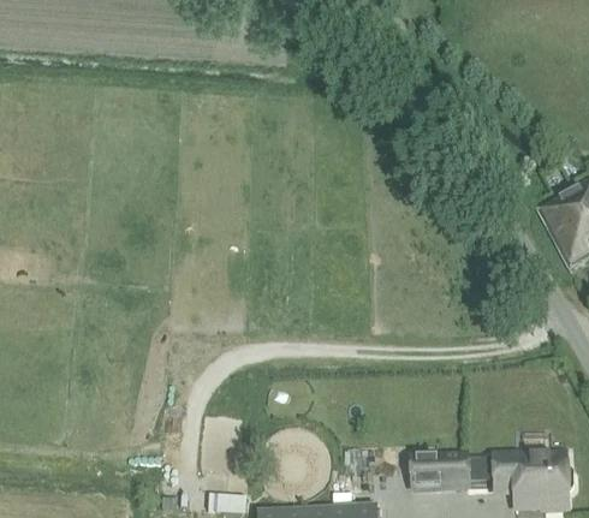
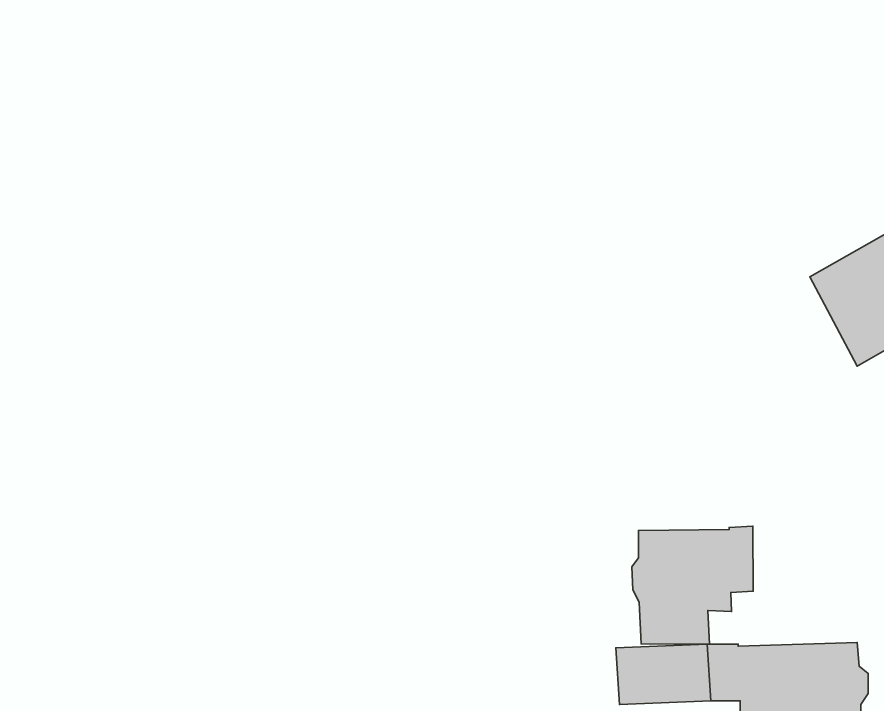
building: none -> [632,526,753,644]

